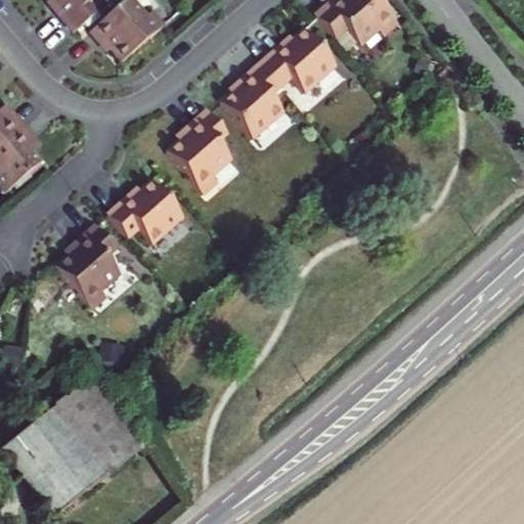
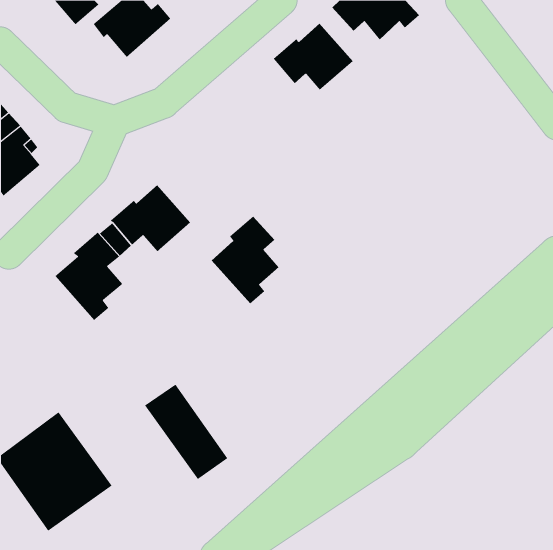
building: [221,62,283,137] -> none
building: [167,110,231,192] -> [211,216,279,304]
building: [59,373,138,463] -> [144,384,228,480]

